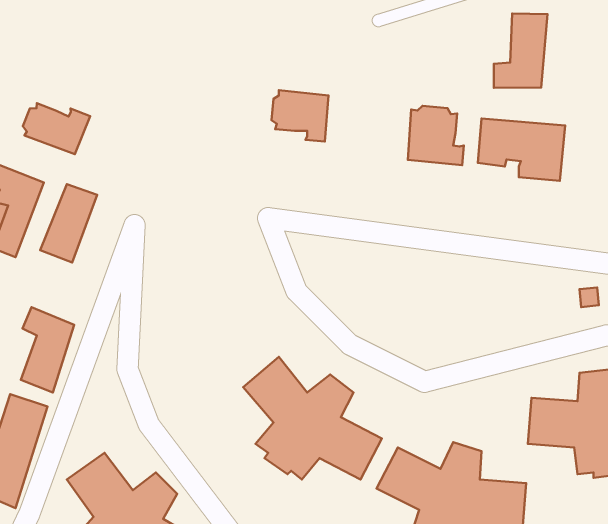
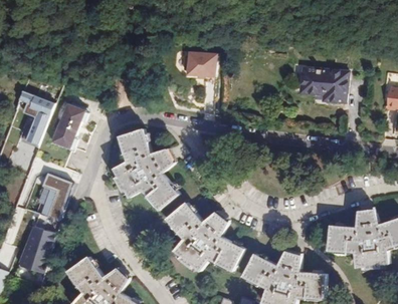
building: [494,13,547,88] -> none
building: [23,103,90,154] -> none
building: [408,106,464,165] -> none
building: none -> [114,128,180,211]

